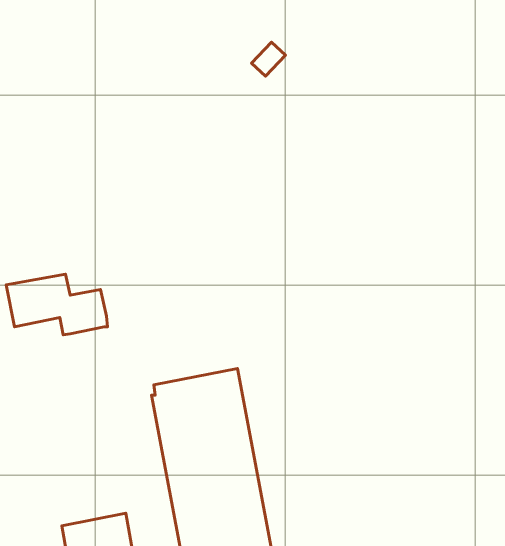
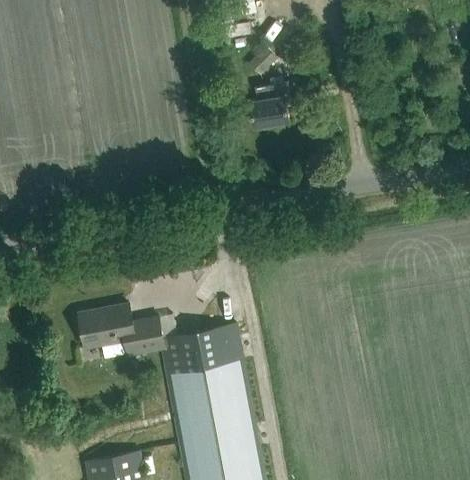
building: none -> [248,79,290,127]
building: [6,274,108,335] -> [77,304,164,356]

